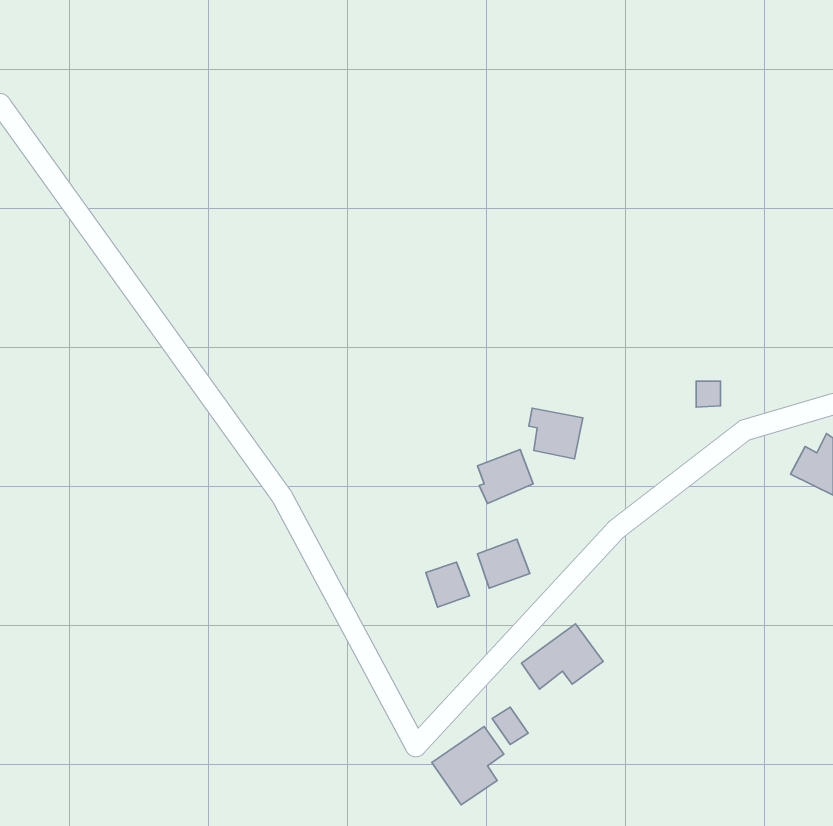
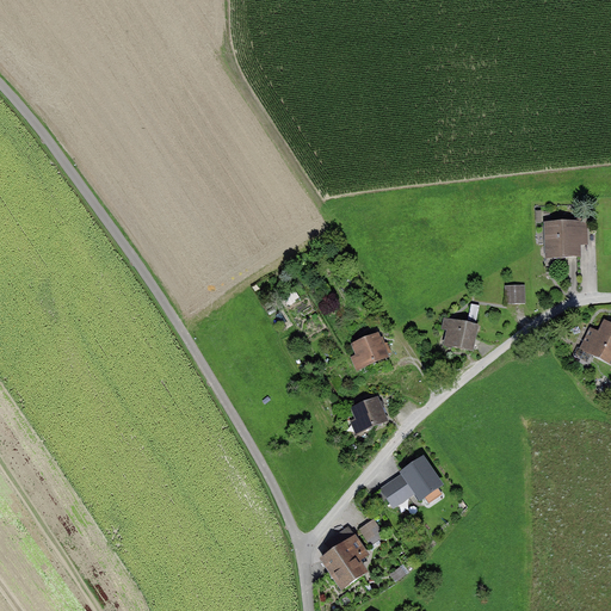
building: none -> [544,221,588,258]
building: [529,408,583,459] -> [439,315,479,352]
building: [426,562,469,607] -> none

